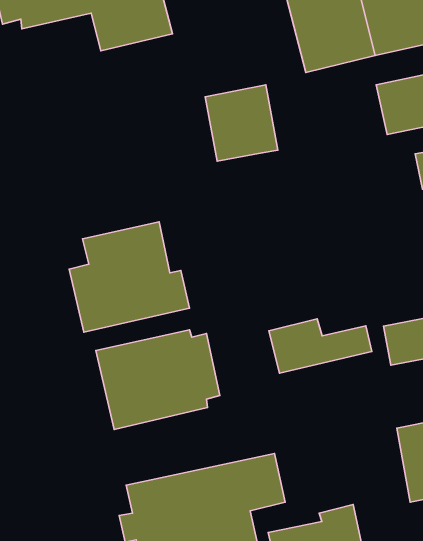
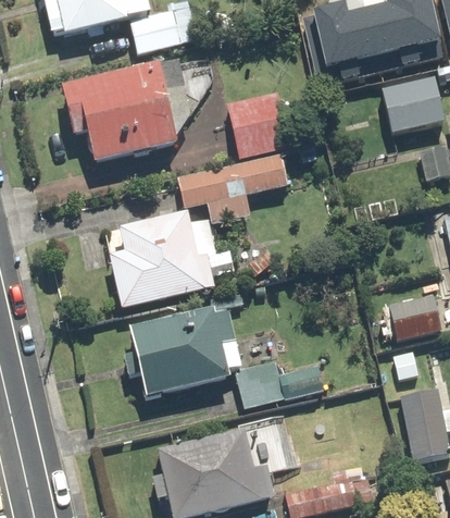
building: none -> [58,60,183,169]
building: none -> [178,150,288,221]
building: [269,319,372,373] -> [234,358,326,407]

